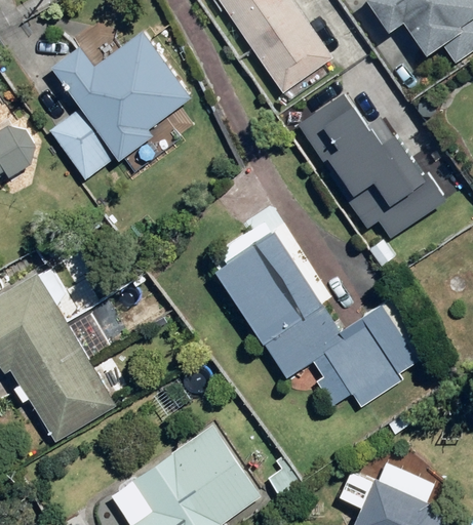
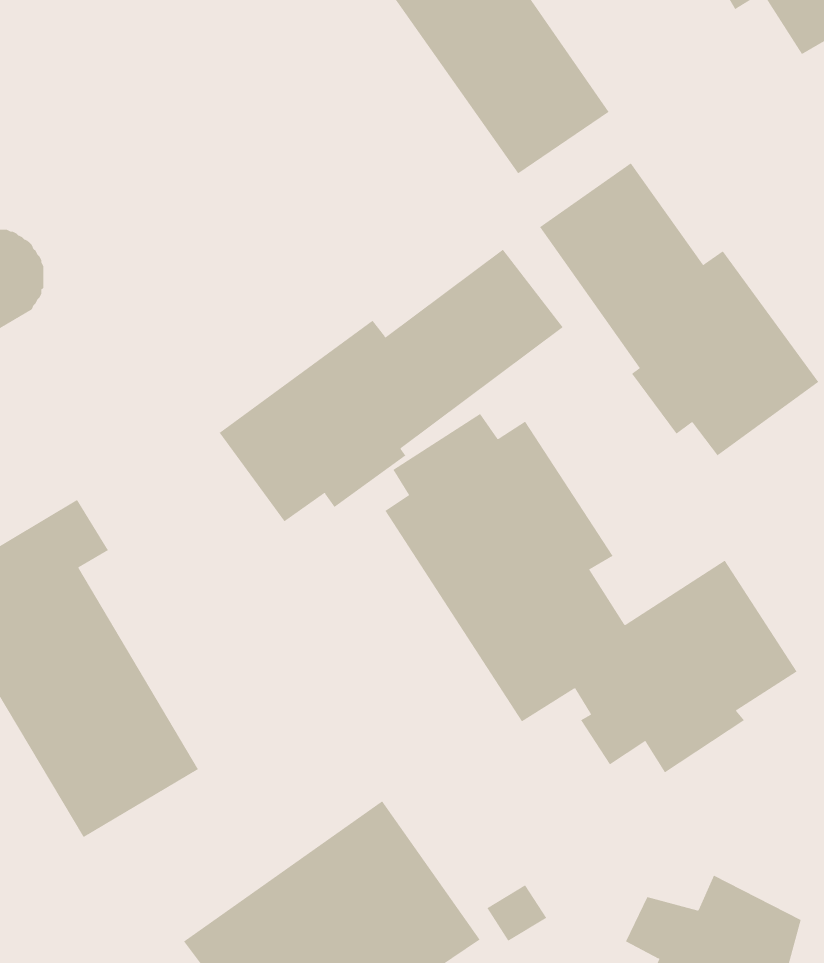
building: [47,30,195,178] -> none
building: none -> [219,249,563,522]

